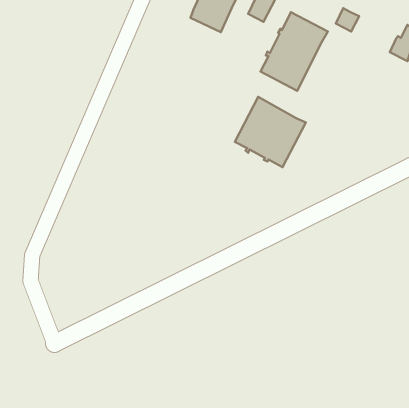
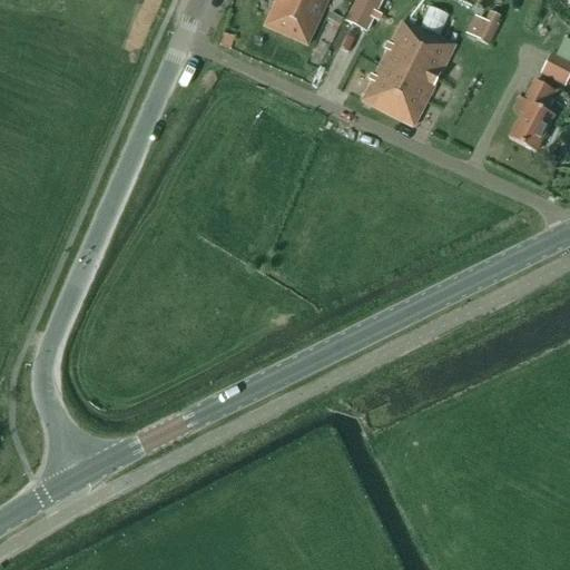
building: none -> [510,78,557,150]
building: [235,97,306,167] -> none

